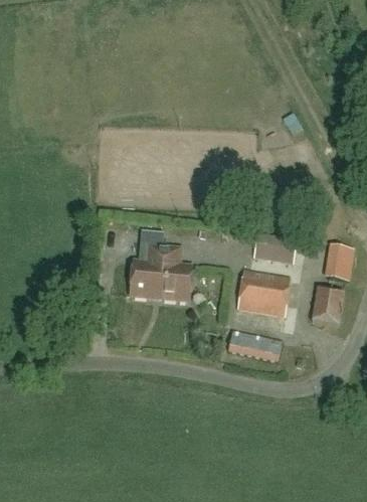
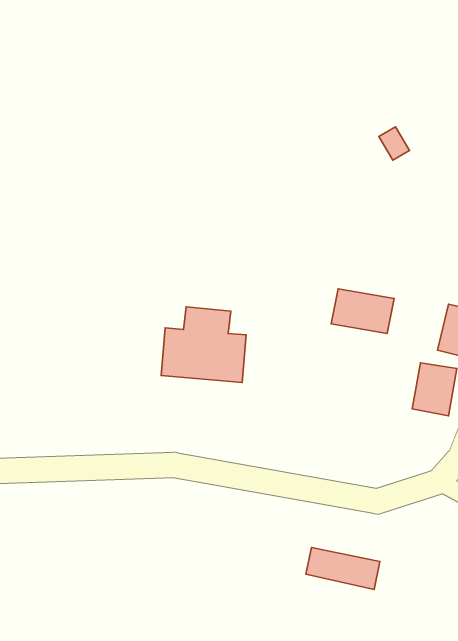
building: [235,270,289,316] -> none
building: [227,331,281,361] -> [306,548,380,590]

